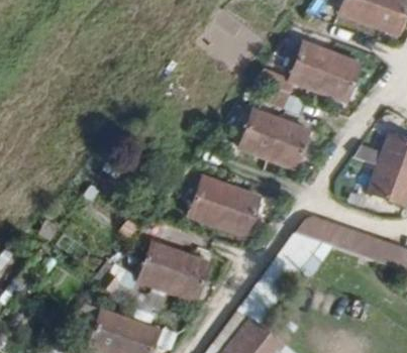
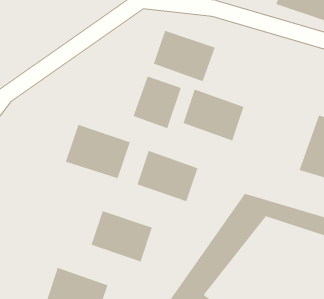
building: [290,40,361,99] -> [153,30,216,82]
building: none -> [133,76,182,129]
building: none -> [65,124,131,179]

